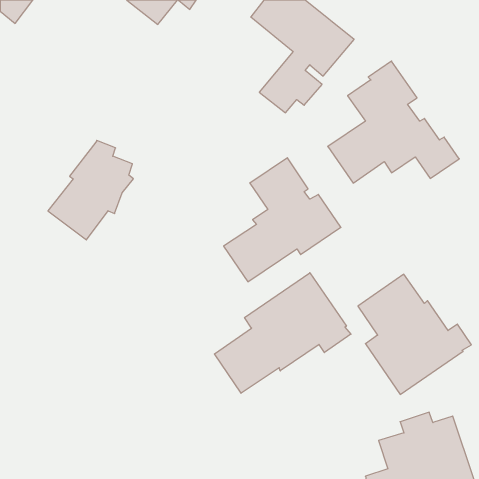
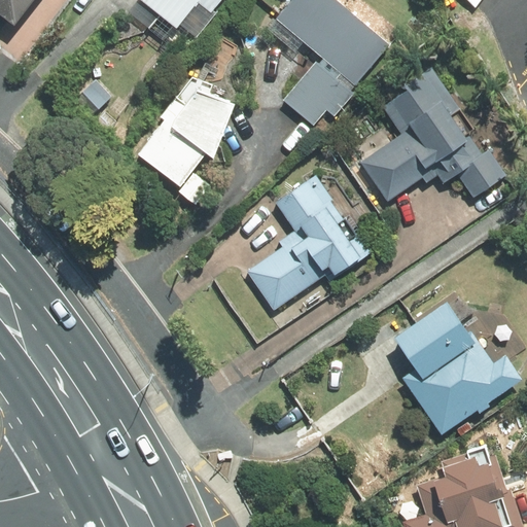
building: [48,140,133,240] -> [137,77,231,186]
building: [214,273,351,393] -> none

